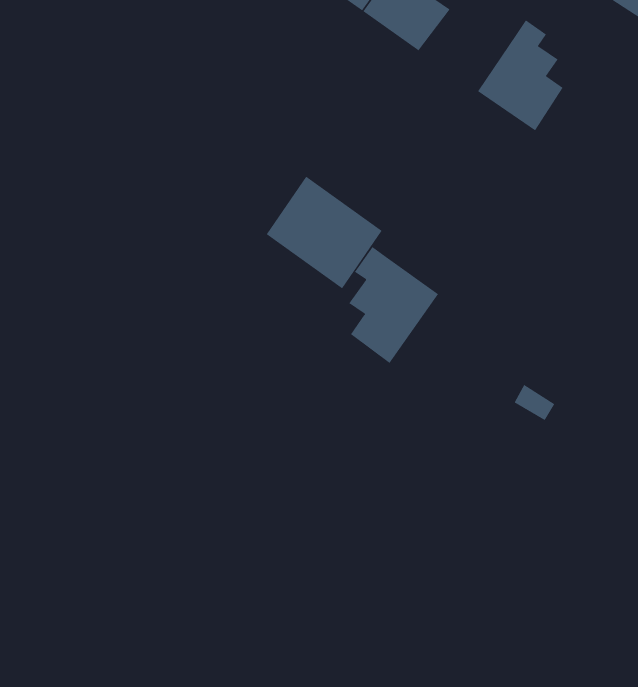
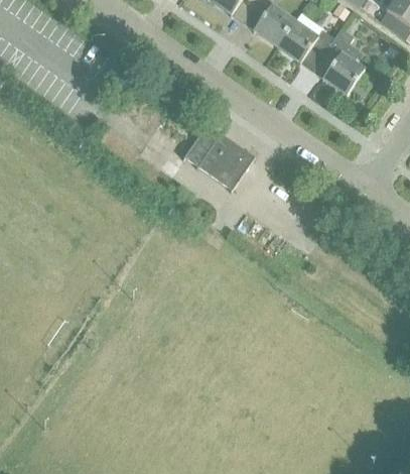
building: none -> [277,21,335,71]
building: [348,246,439,364] -> none

